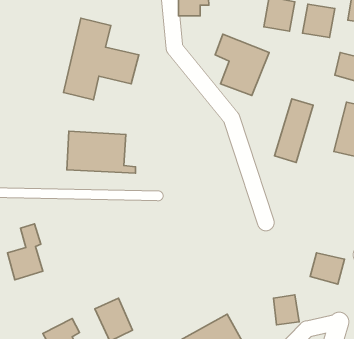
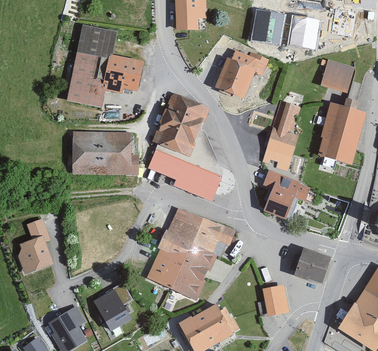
building: none -> [155,99,205,156]
building: none -> [150,150,221,199]
building: none -> [264,170,309,217]
building: none -> [149,211,223,300]

